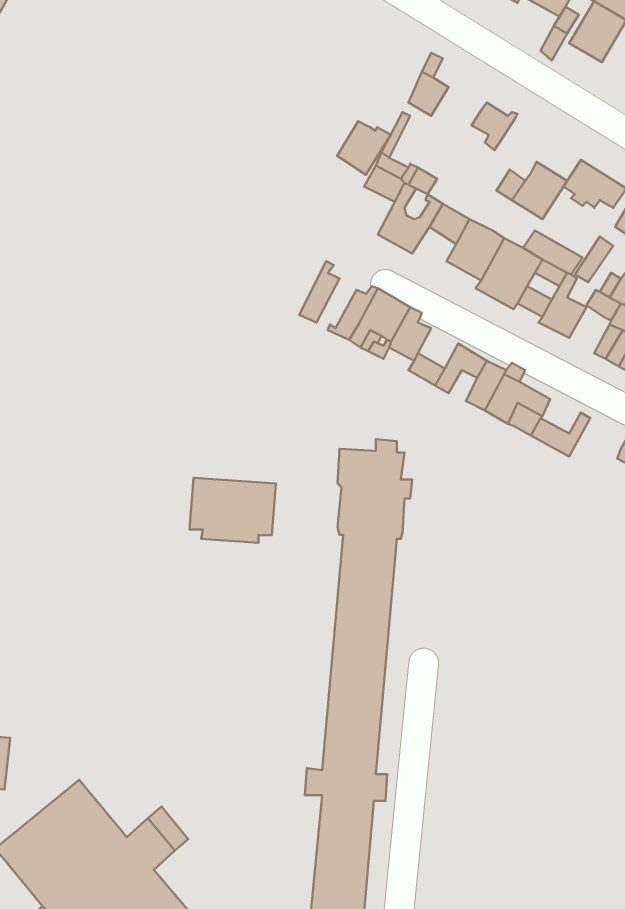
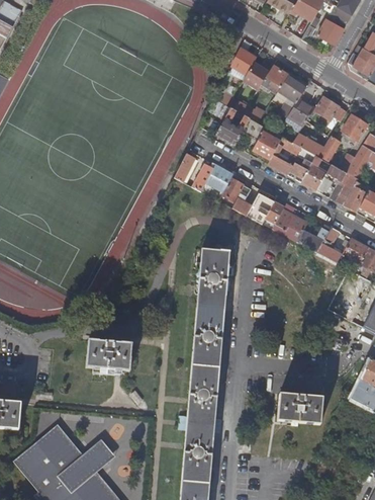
building: none -> [278,73,308,102]
building: [337,121,391,175] -> [243,62,271,90]
building: none -> [317,226,342,262]
building: [190,478,276,543] -> [87,339,132,373]
building: none -> [278,392,323,423]

